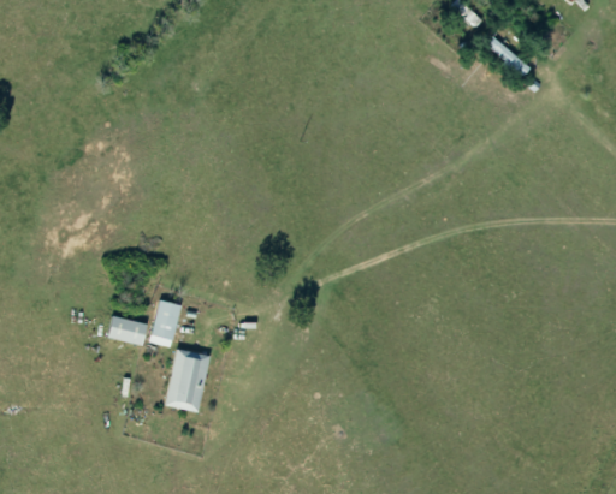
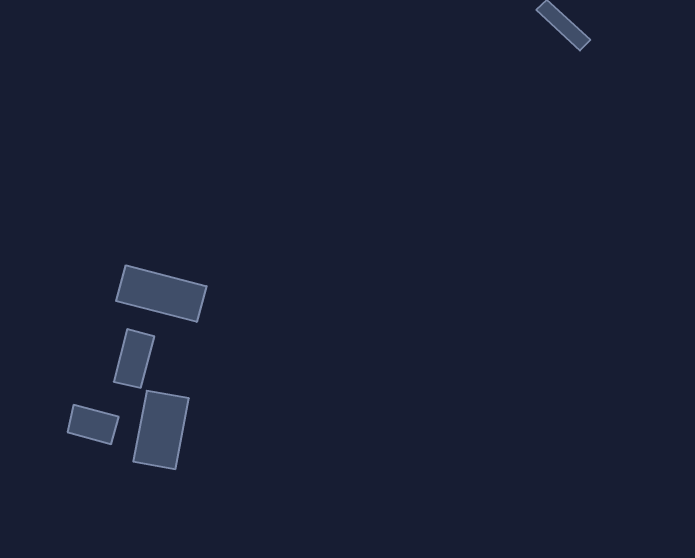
building: none -> [116,265,207,322]
building: [106,315,147,346] -> [68,405,119,444]

